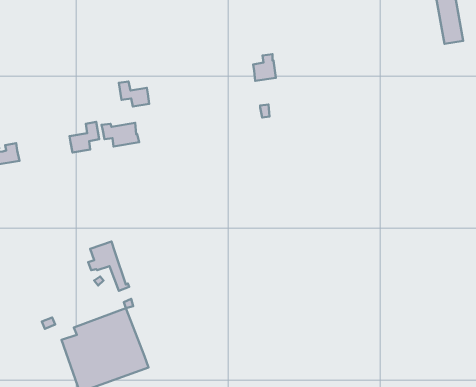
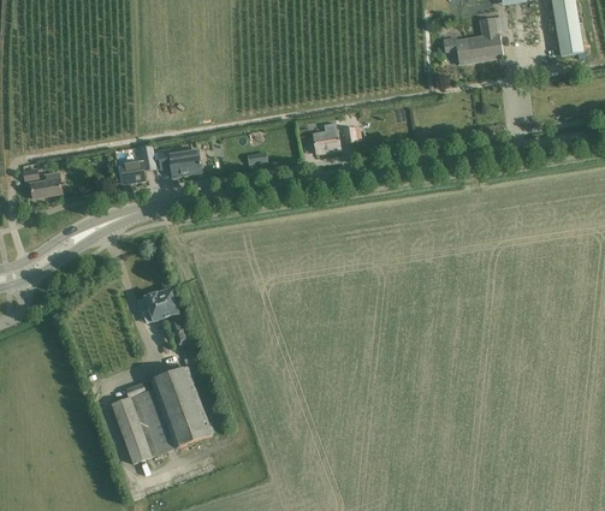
building: none -> [443,17,502,63]
building: [253,54,276,81] -> [313,121,339,153]
building: [119,82,149,107] -> none

